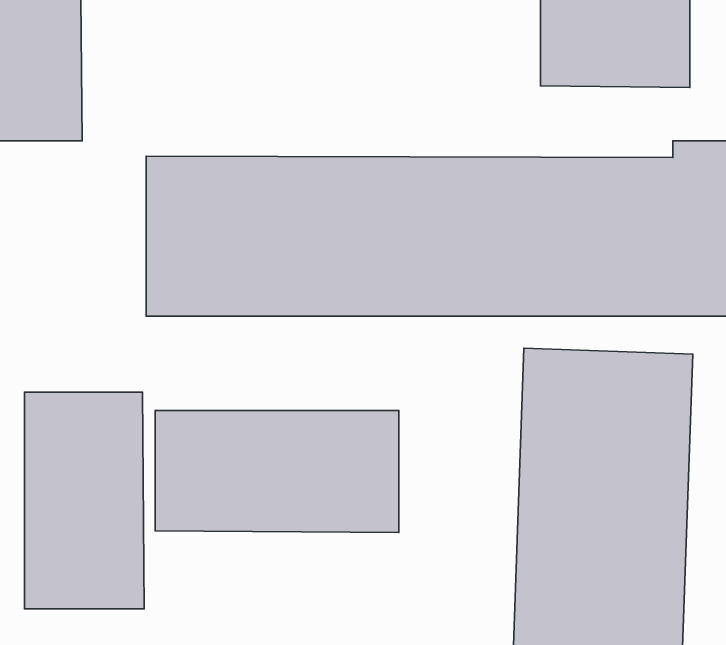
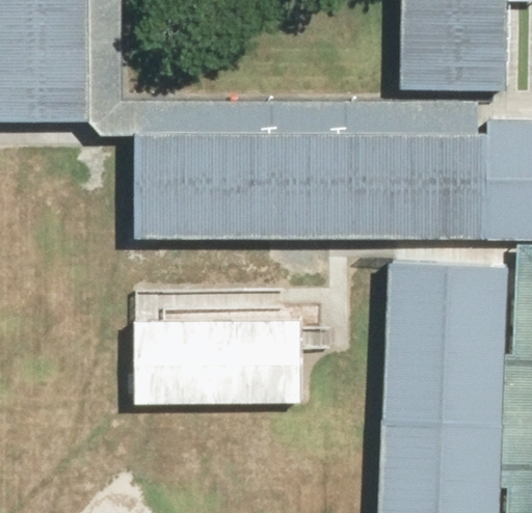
building: [25,392,144,609] -> none

